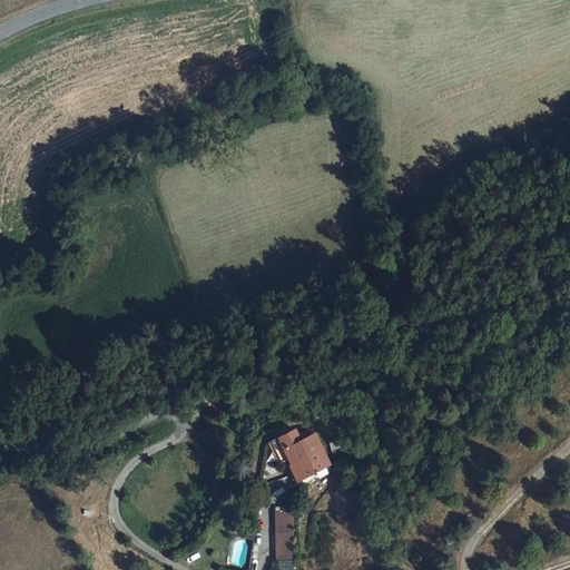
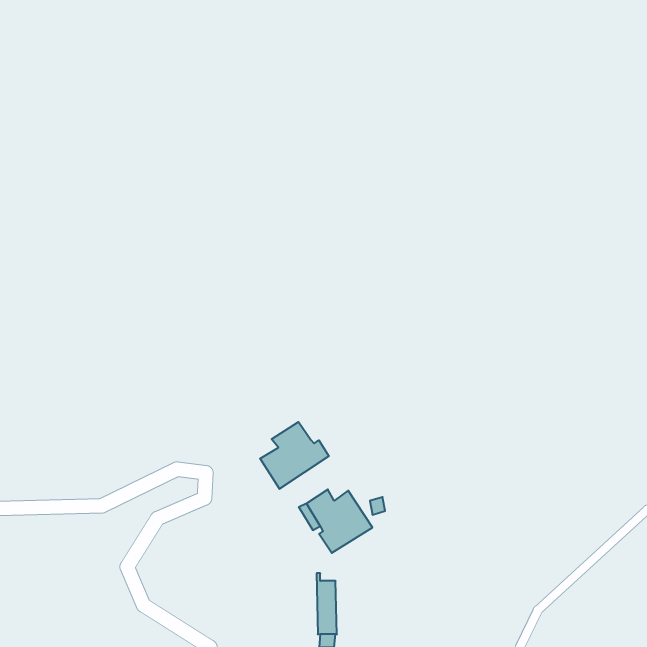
building: none -> [260,422,329,489]

